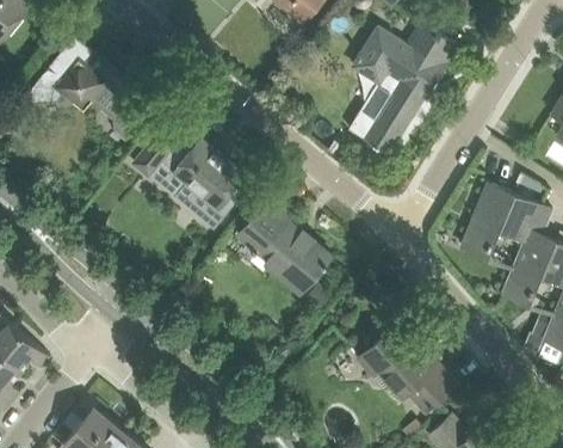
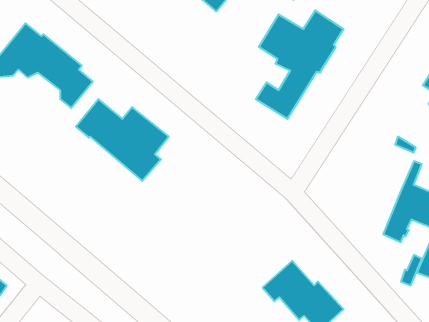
building: [460,185,539,258] -> none
building: [236,197,330,290] -> none

